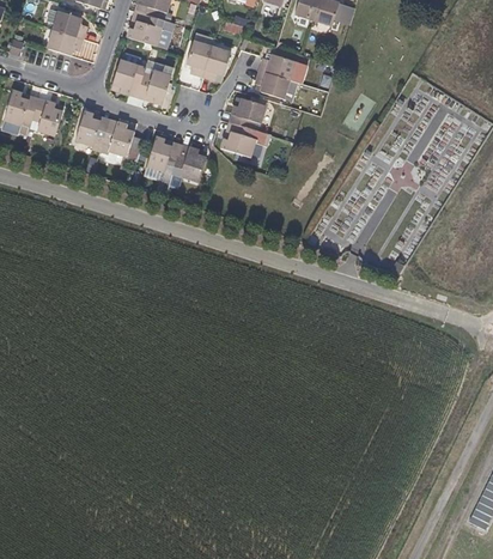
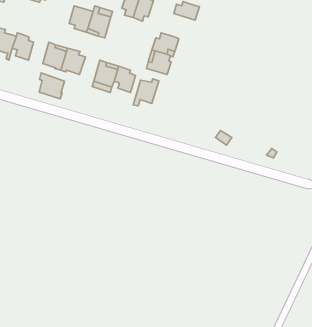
building: [255,71,290,99] -> none
building: none -> [39,73,65,99]
building: none -> [133,79,159,106]

